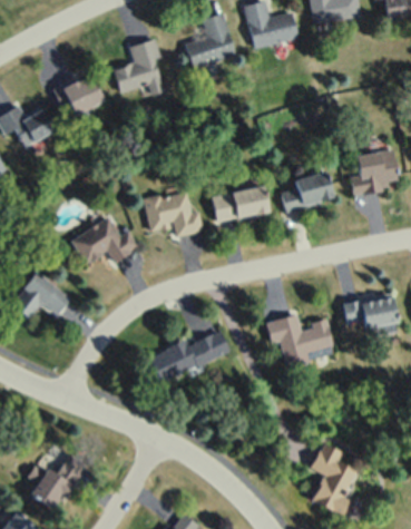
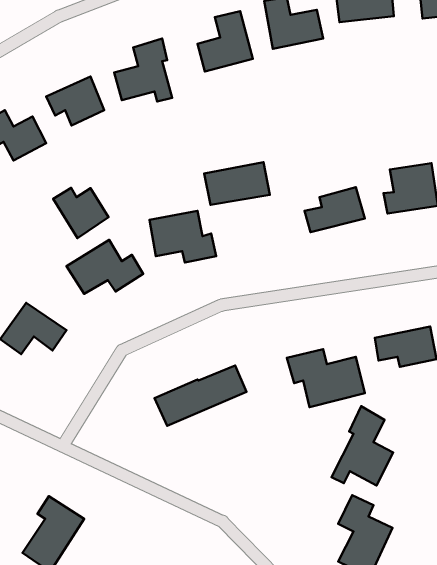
building: none -> [53,188,108,238]
building: [212,186,270,224] -> [204,162,270,205]
building: none -> [331,406,393,485]

